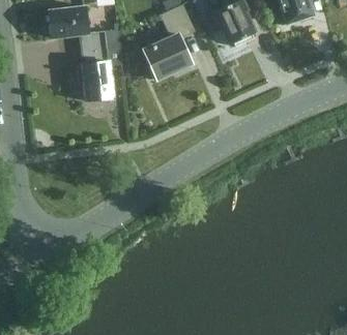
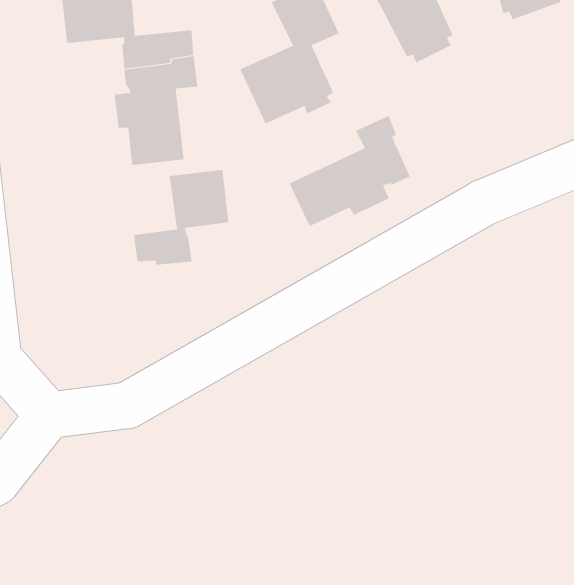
building: none -> [289,115,410,227]
building: none -> [133,169,229,266]

